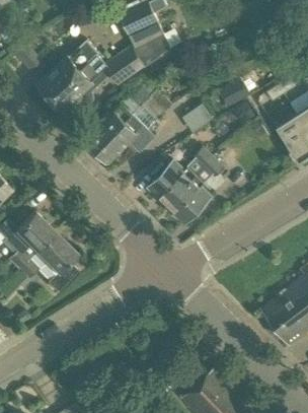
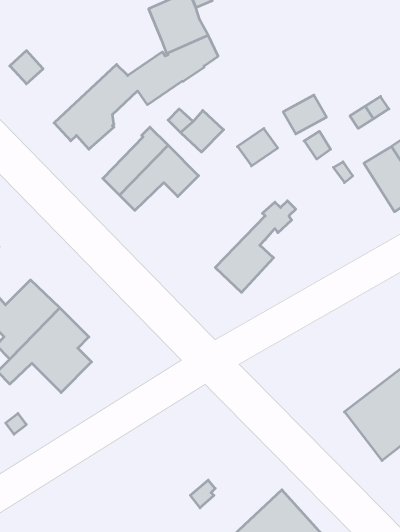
building: [38,46,96,97] -> none
building: [150,141,213,203] -> none

